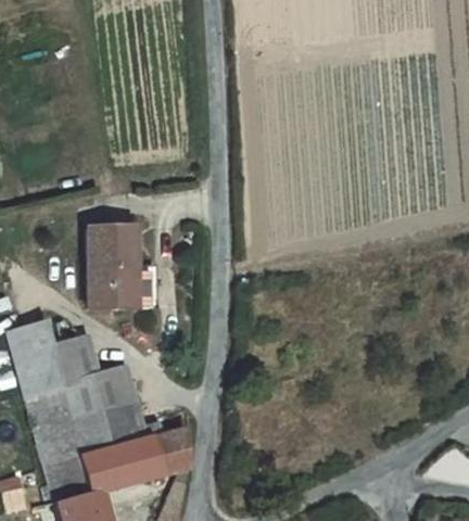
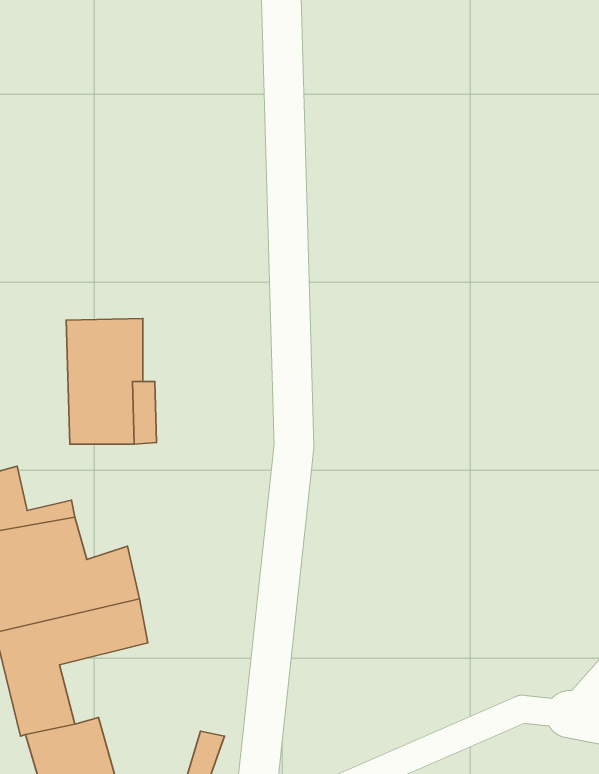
building: [80,427,194,488] -> none

